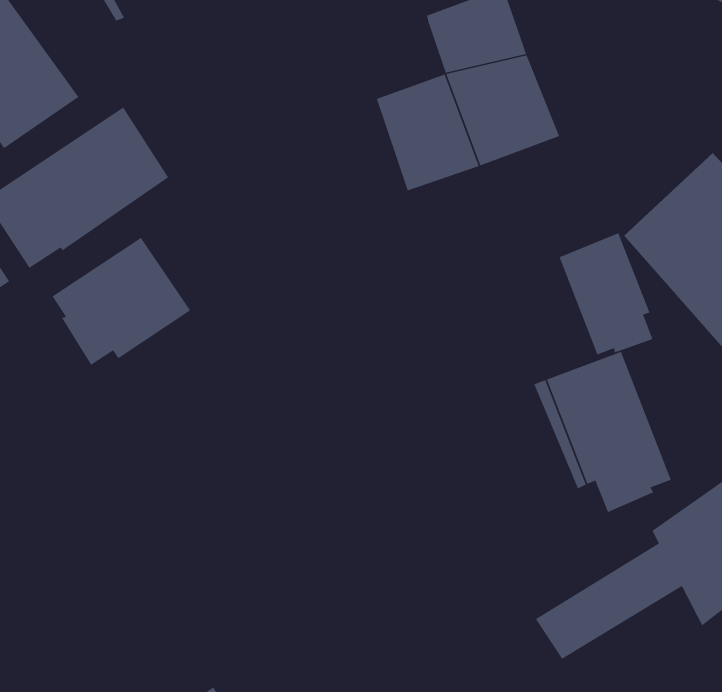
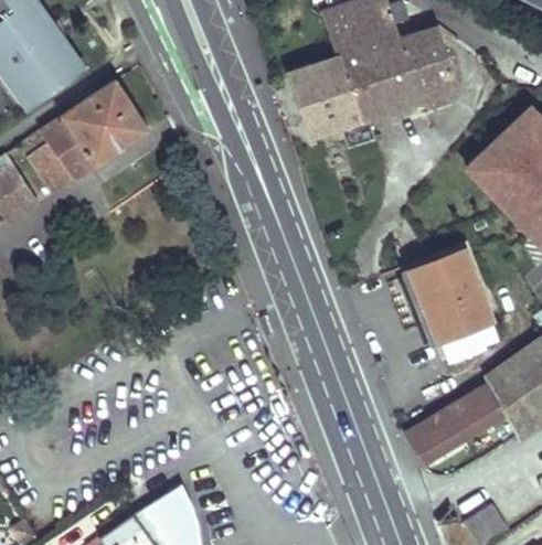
building: none -> [398,28,458,98]
building: [558,232,653,356] -> none
building: [52,237,191,366] -> none

